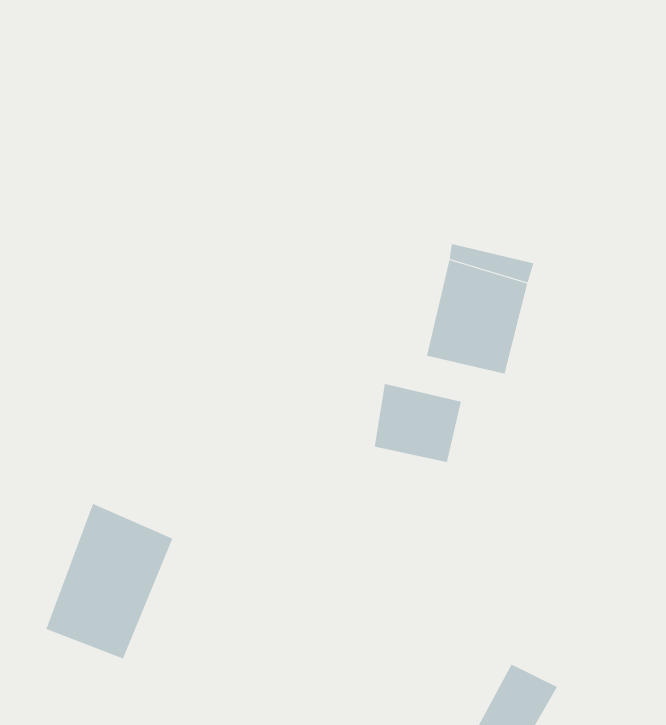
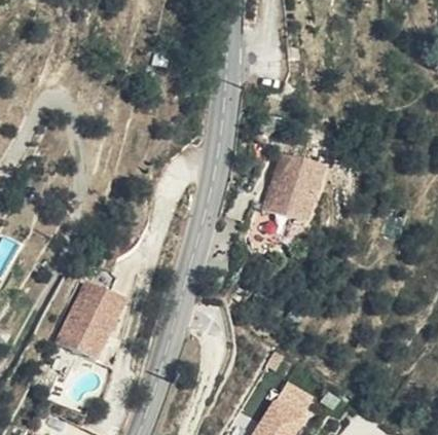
building: [374,383,462,463] -> none

